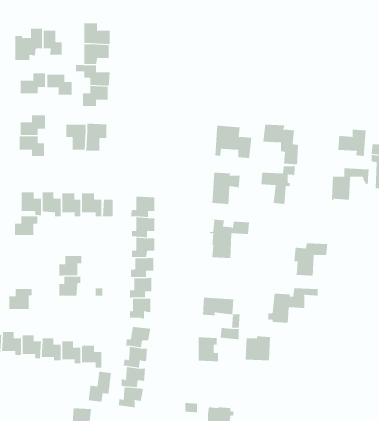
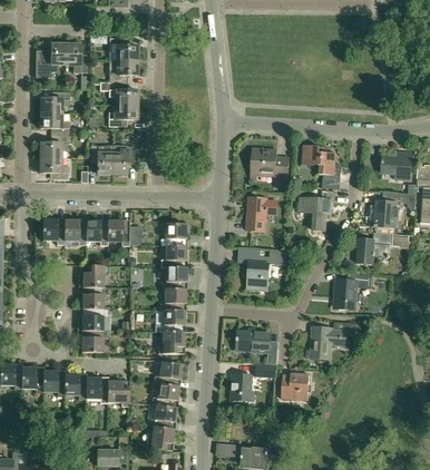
building: [46,74,72,95] -> [41,114,69,136]
building: none -> [356,233,410,264]
building: [14,216,38,236] -> [82,265,108,286]
building: [9,289,32,309] -> [81,330,107,352]
building: [88,371,111,403] -> none

